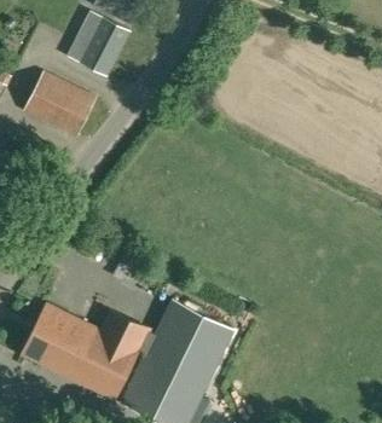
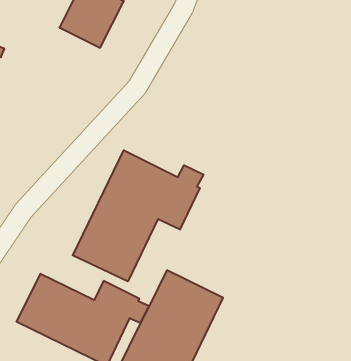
building: [22,70,97,138] -> none
building: none -> [73,150,203,281]

